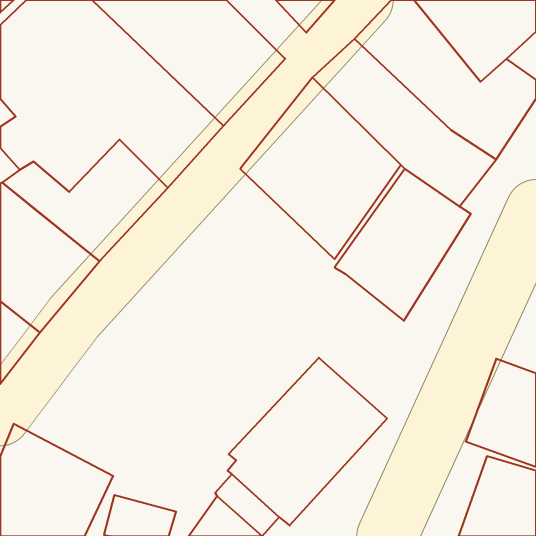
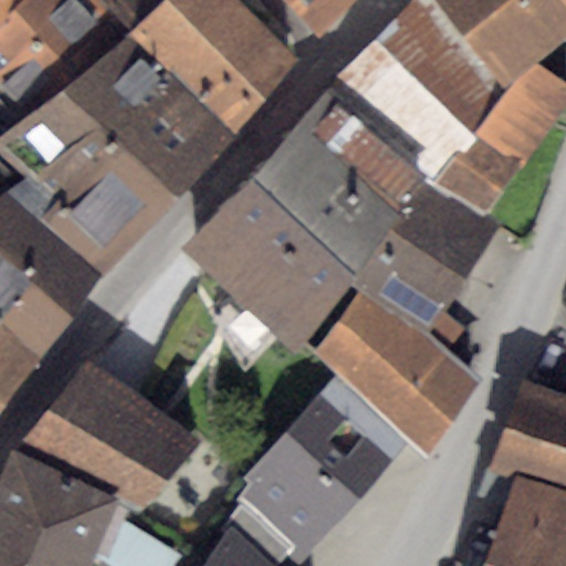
building: none -> [179,178,353,354]
building: none -> [319,289,479,458]
building: none -> [14,361,197,512]

